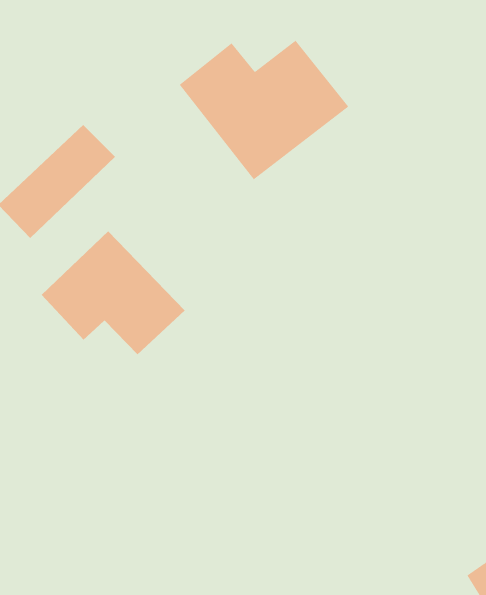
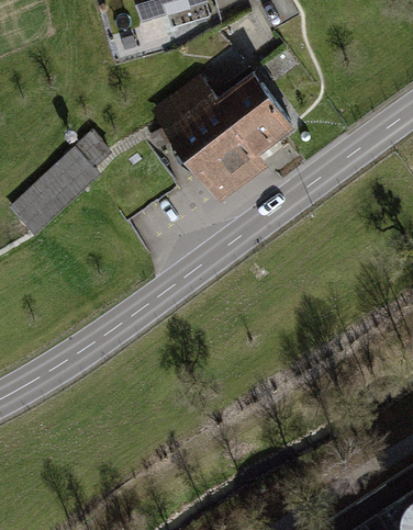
building: [41,231,185,355] -> none

